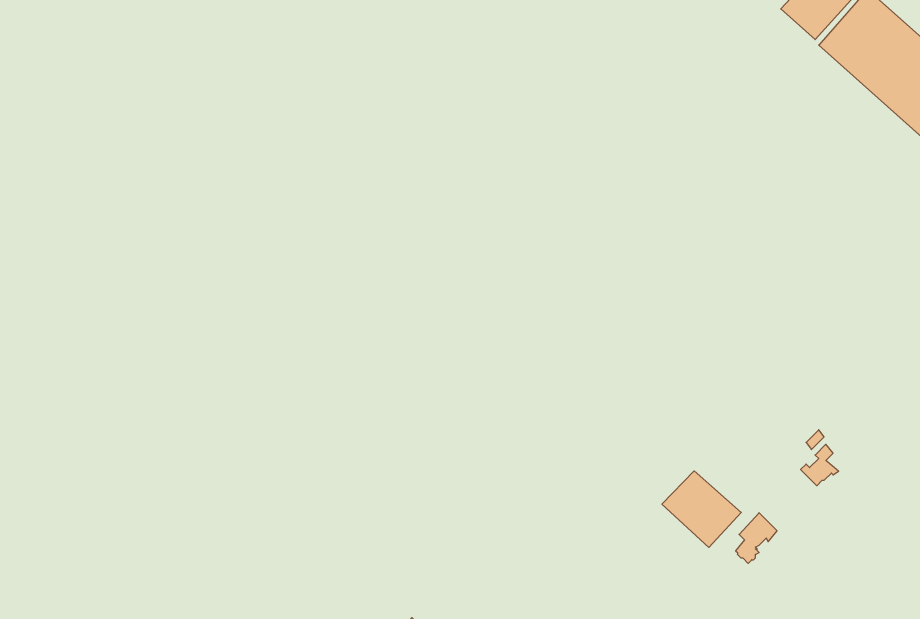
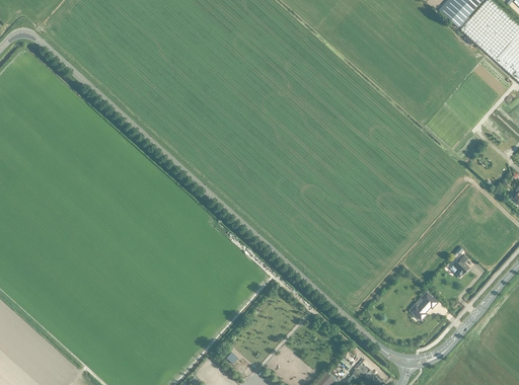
building: [662,471,741,547] -> none

